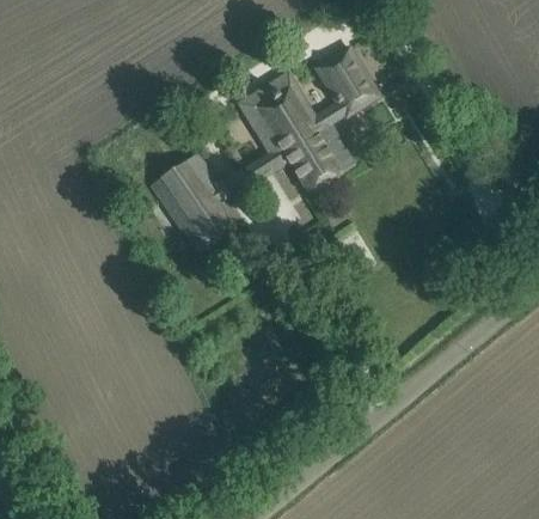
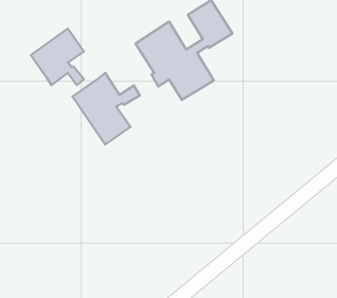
building: none -> [31,29,84,85]

